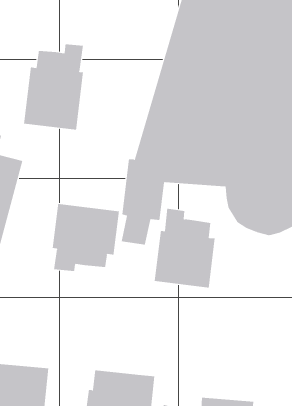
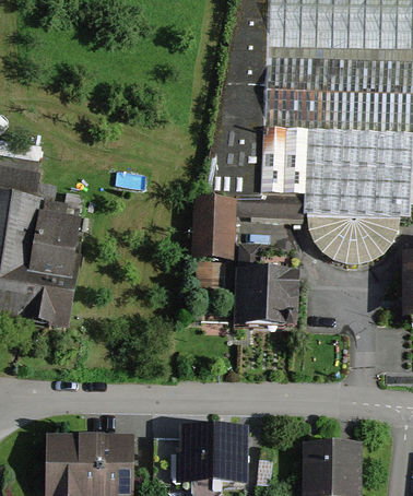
building: [23,44,84,131] -> none
building: [52,203,119,272] -> none

